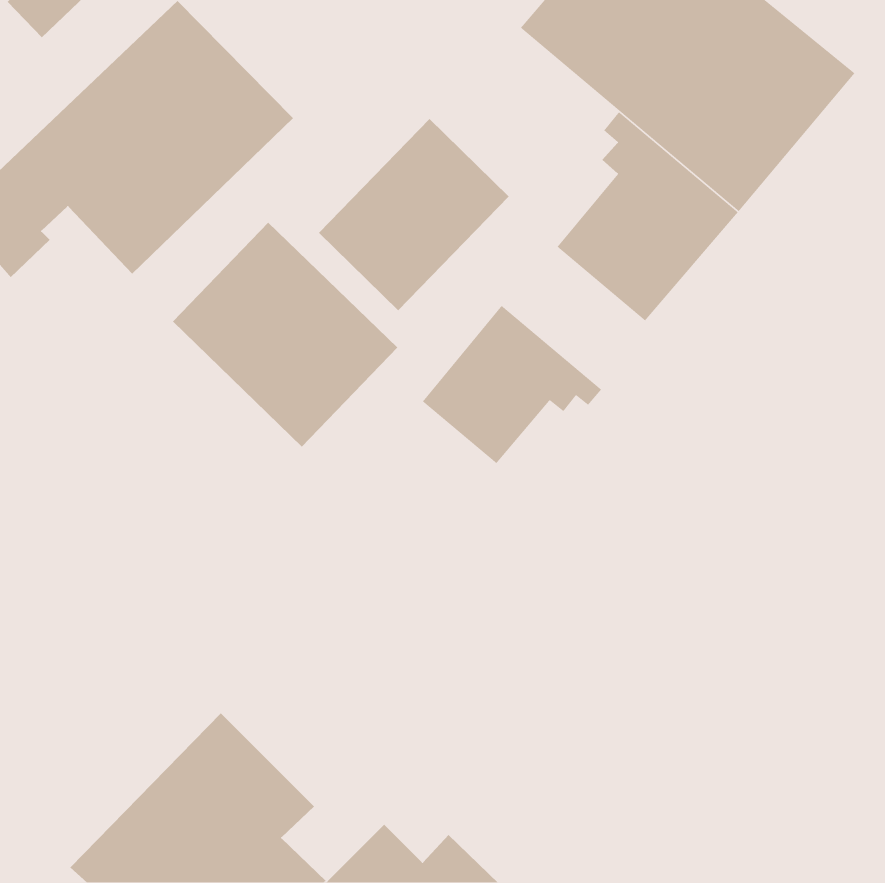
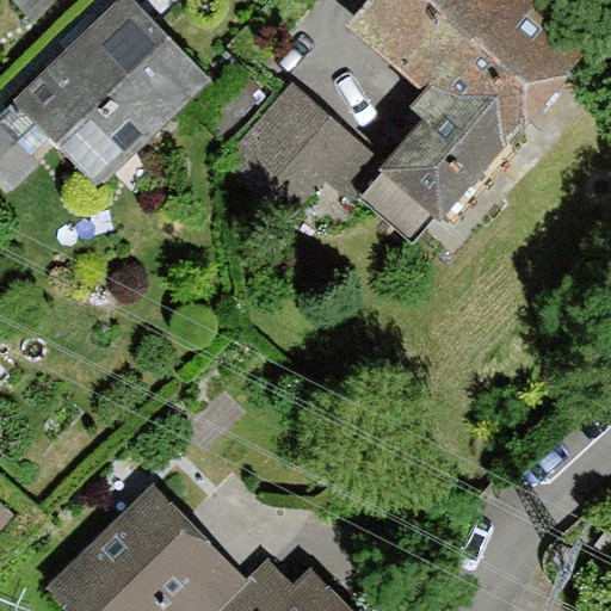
building: [172,222,398,447] -> none
building: [422,305,602,464] -> none

